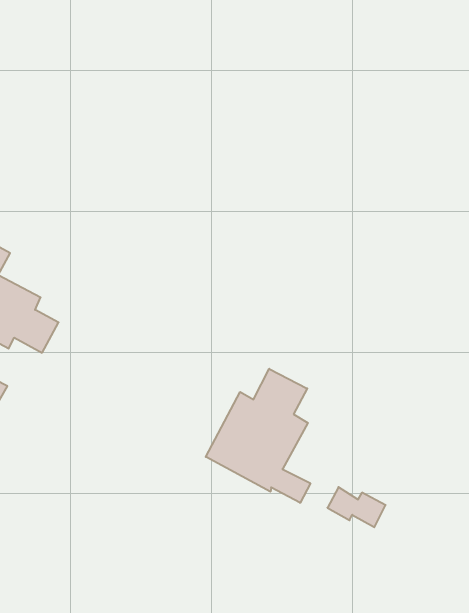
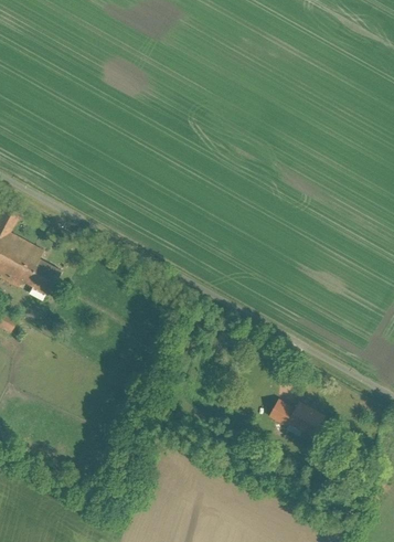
building: [206,369,310,503] -> none

